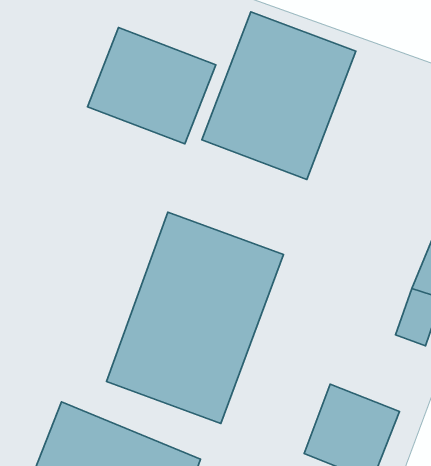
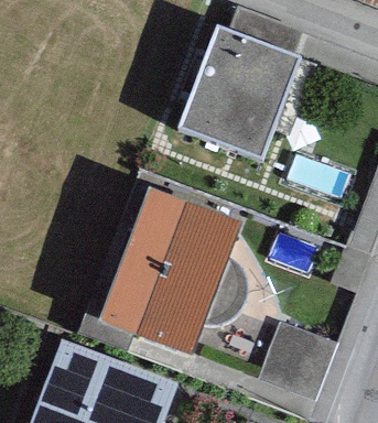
building: [88,28,216,144] -> none

